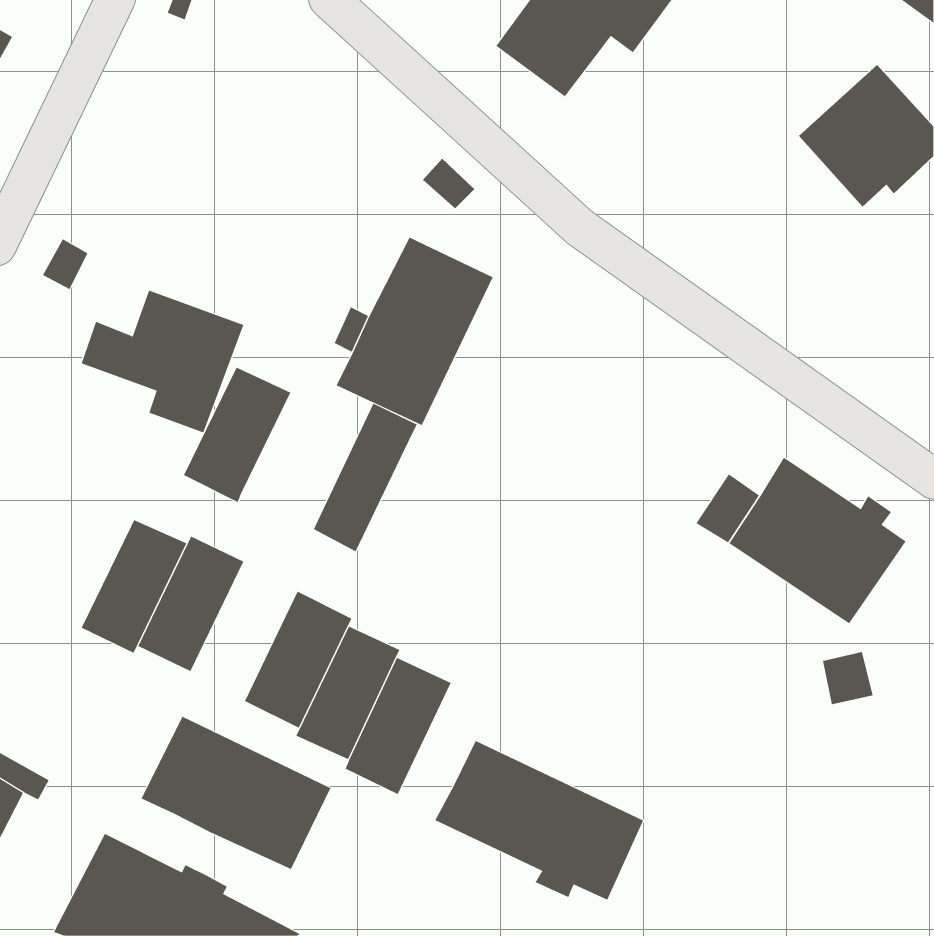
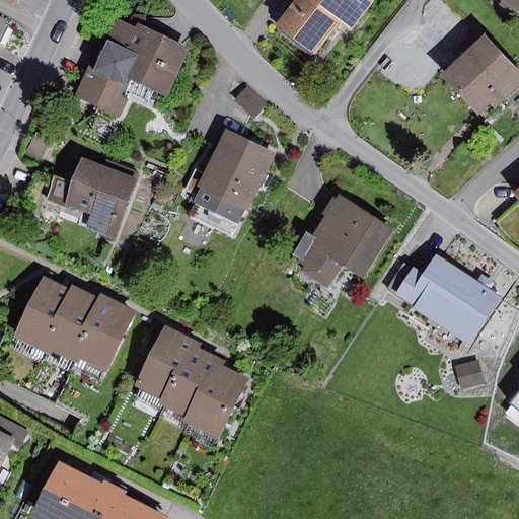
building: none -> [73,19,189,115]
building: none -> [290,194,393,289]
building: [183,367,291,503] -> [12,277,72,352]
building: [313,403,417,552] -> none
building: [141,716,331,870] -> none
building: [435,740,644,901] -> none

